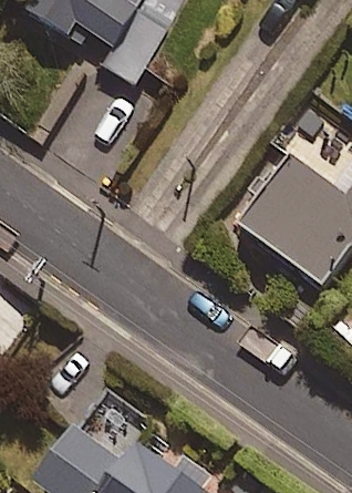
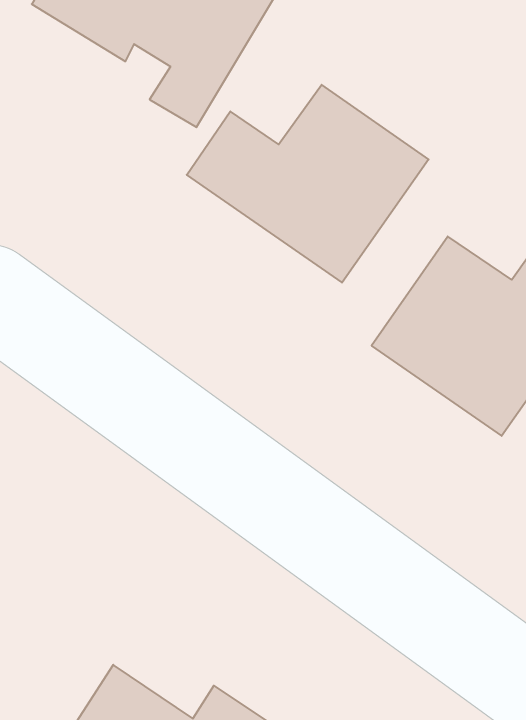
building: none -> [187,85,429,283]

